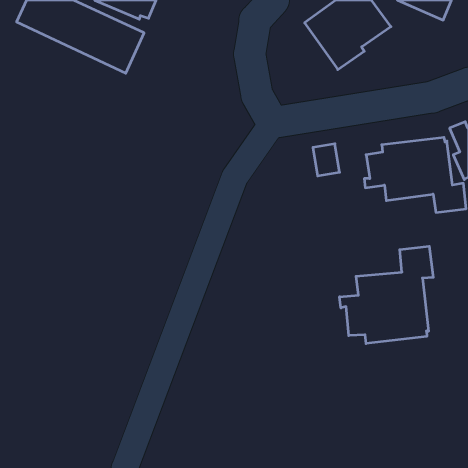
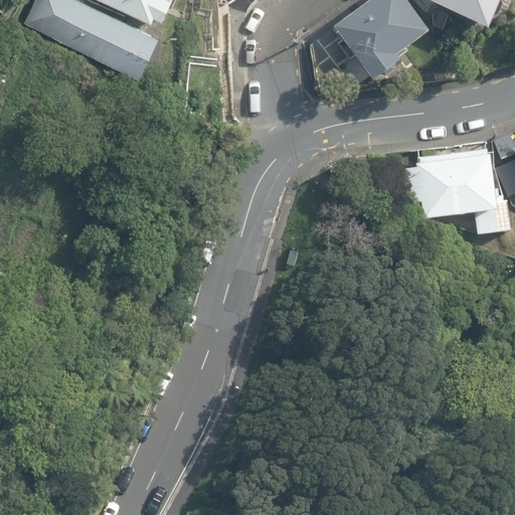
building: [340,246,433,344] -> none

